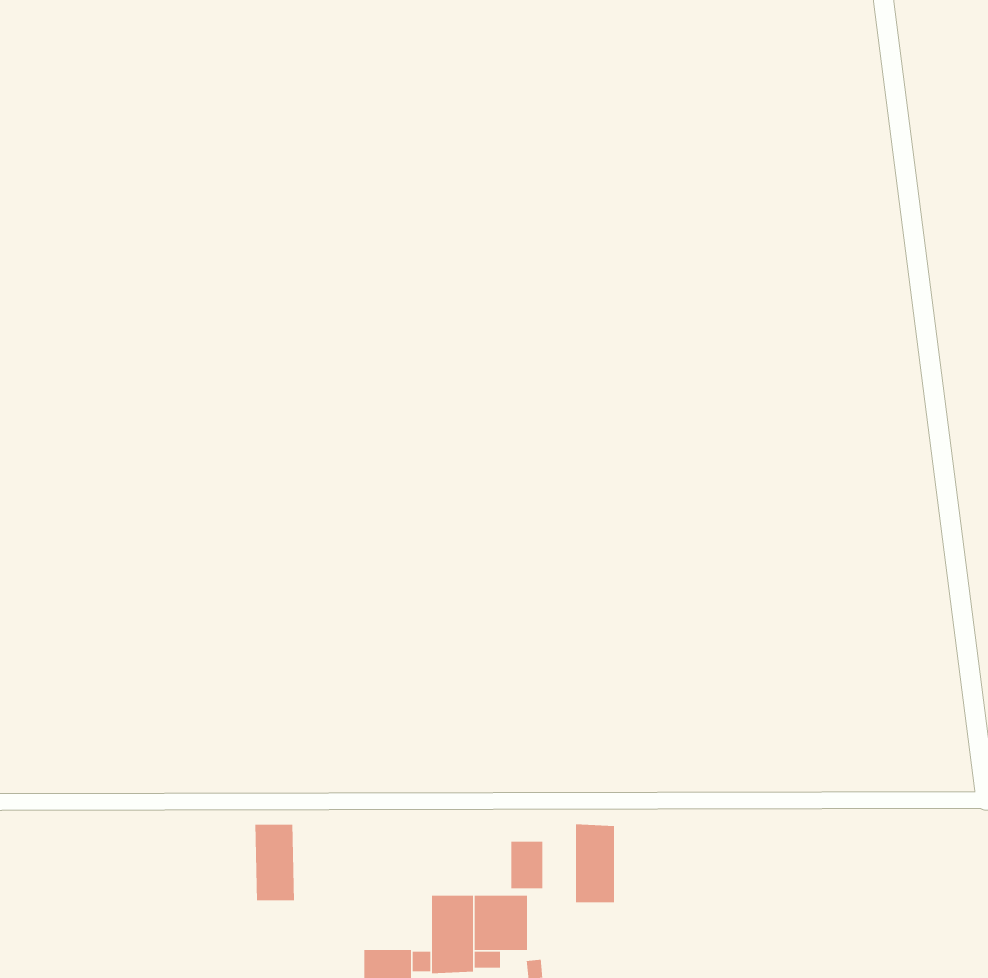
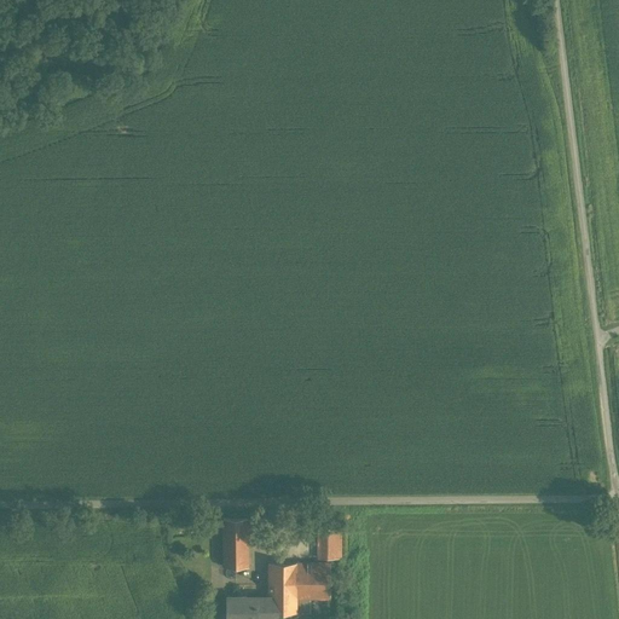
building: [575,823,615,903] -> none
building: [254,824,295,901] -> [222,521,248,569]

